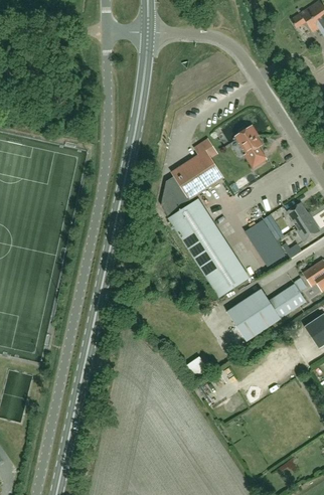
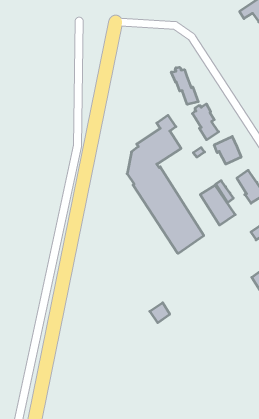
building: none -> [171,67,198,104]
building: none -> [214,136,241,164]
building: [226,283,306,341] -> none

